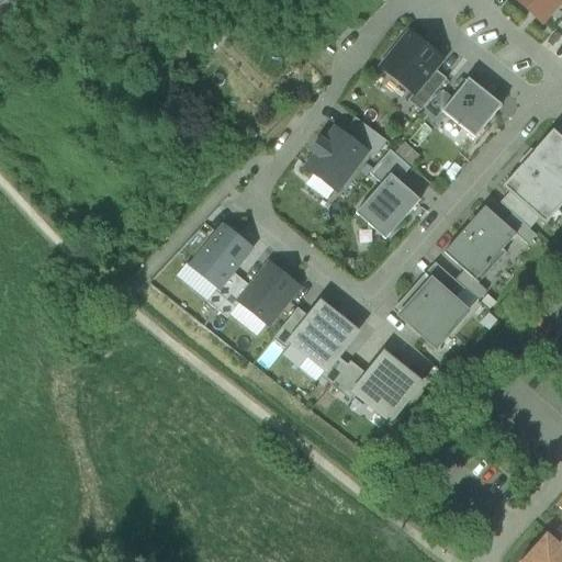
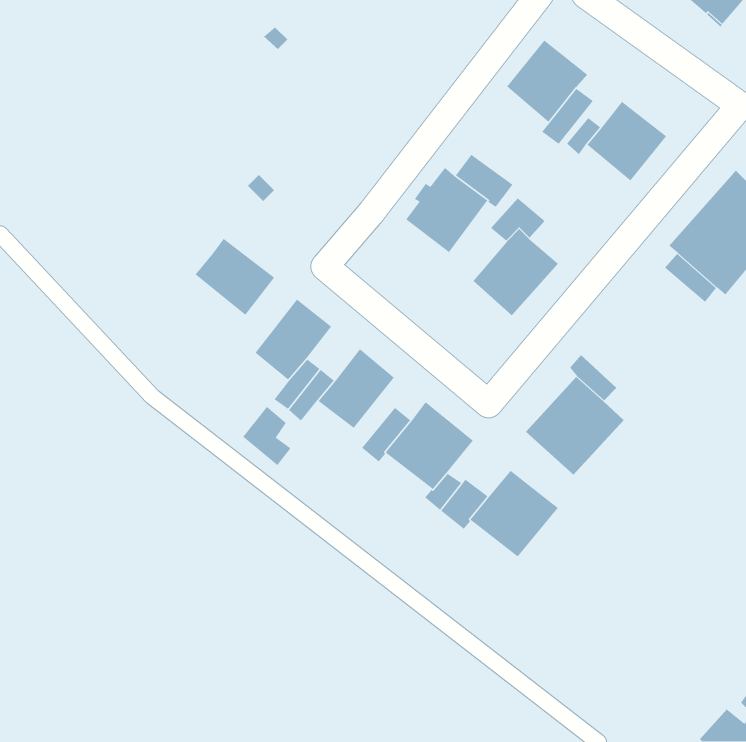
building: none -> [195,238,275,316]
building: [442,211,514,283] -> none
building: none -> [242,406,292,466]

